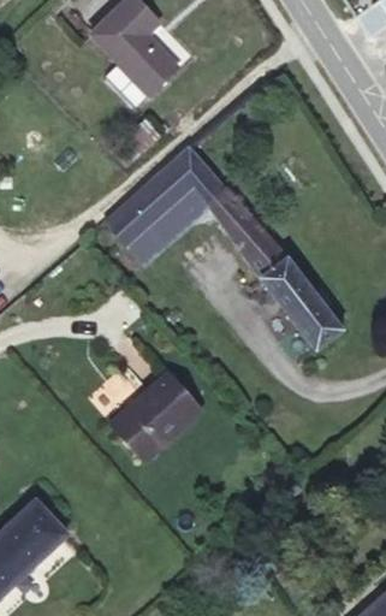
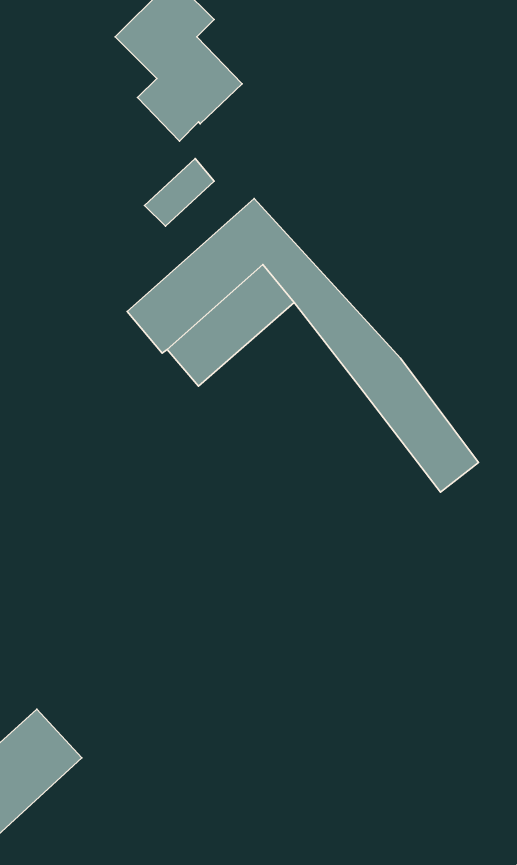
building: [113,373,201,460] -> none

